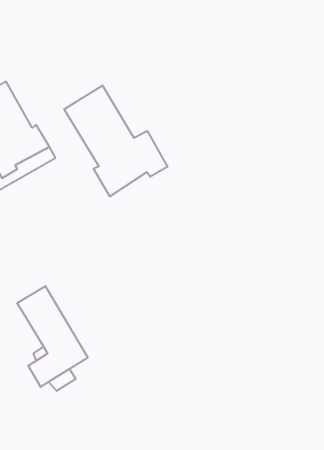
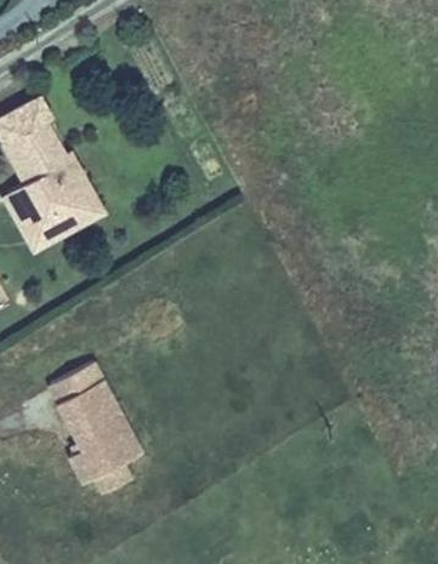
building: [64,85,167,196] -> none

